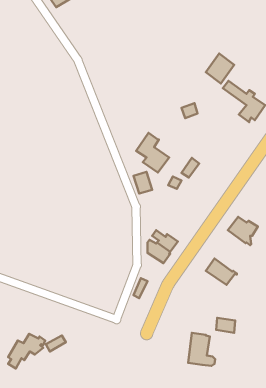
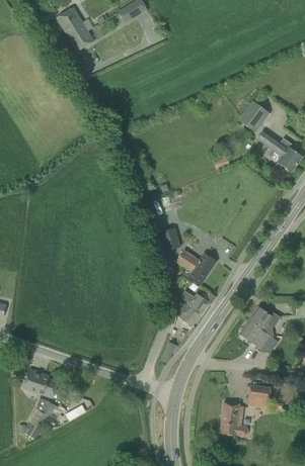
building: [136,133,169,172] -> [175,243,211,285]
building: [228,217,258,245] -> [247,306,280,337]
building: none -> [22,369,57,397]

